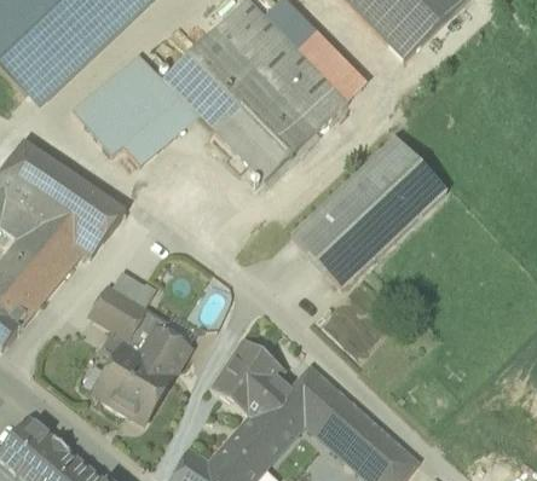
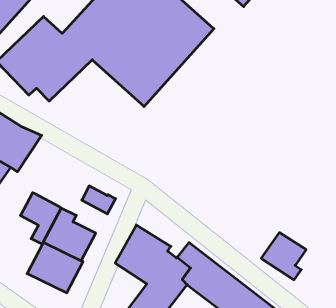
building: [290,134,446,289] -> none
building: [111,268,156,307] -> [82,186,116,214]
building: none -> [261,233,306,280]

